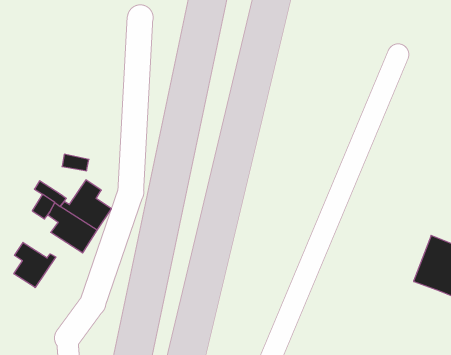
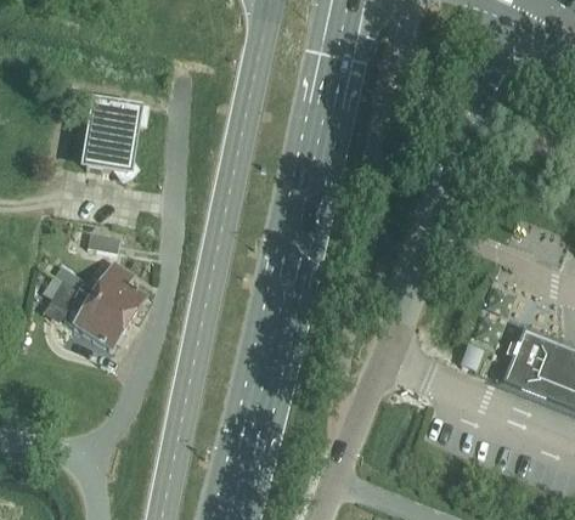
building: none -> [80,104,145,177]
building: [14,242,56,288] -> none

